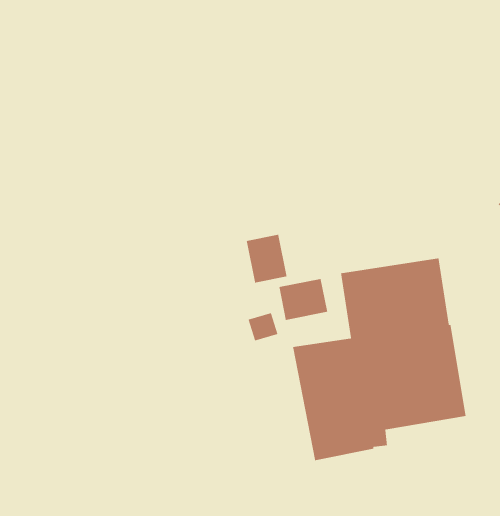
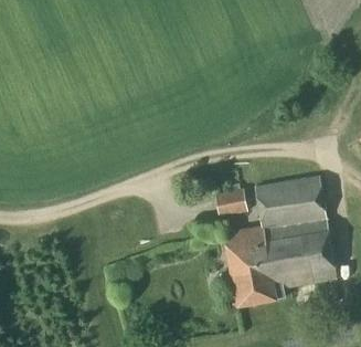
building: [246,234,287,283] -> none

